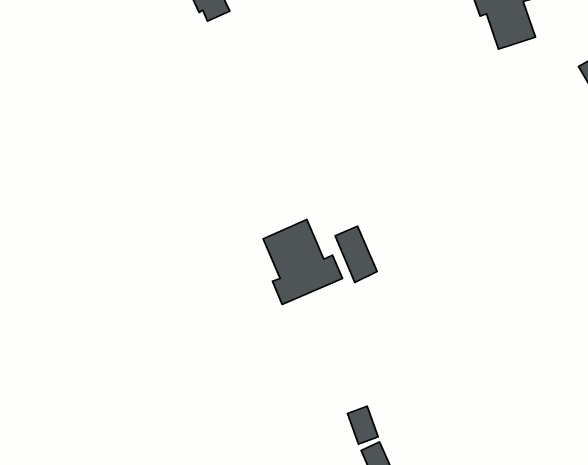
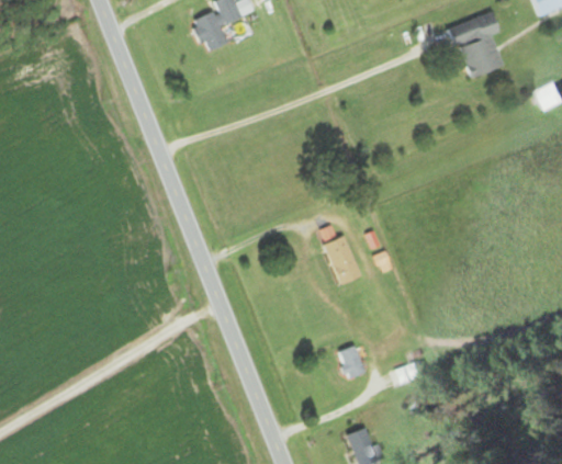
building: [263,220,342,304] -> none
building: [348,406,378,444] -> [338,346,366,380]

